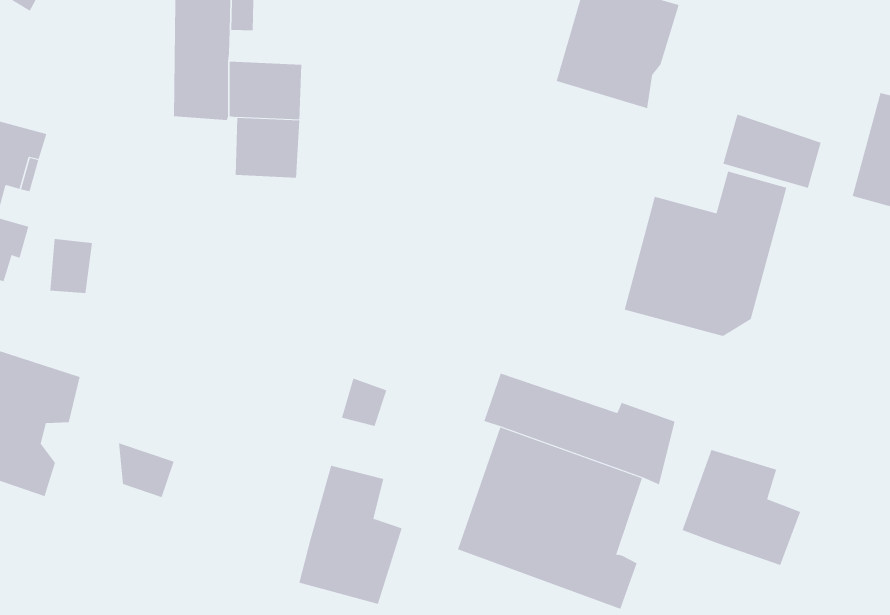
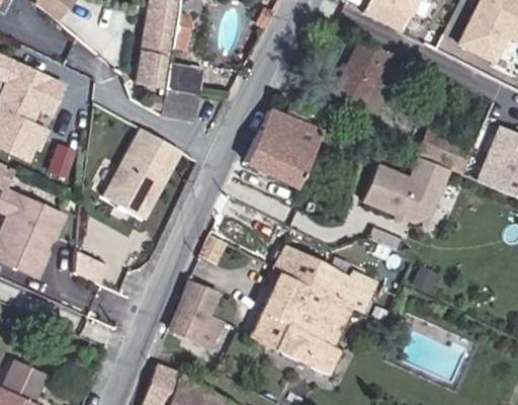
building: none -> [245,109,323,186]
building: none -> [101,131,176,219]
building: [682,449,801,566] -> none

